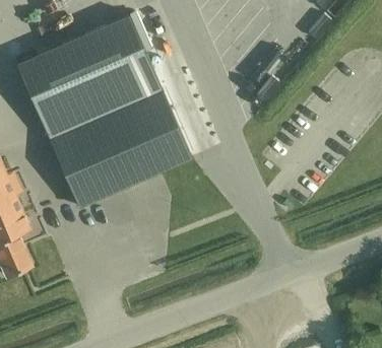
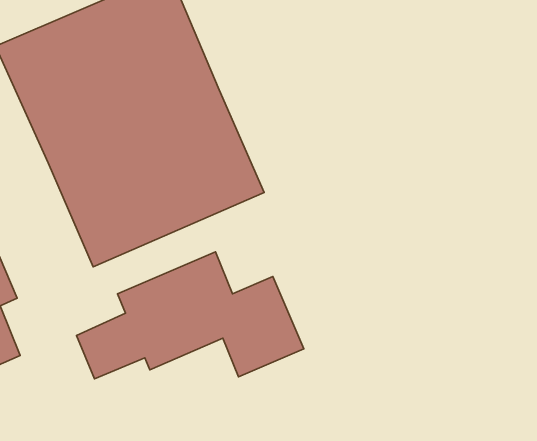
building: none -> [76,252,304,379]

